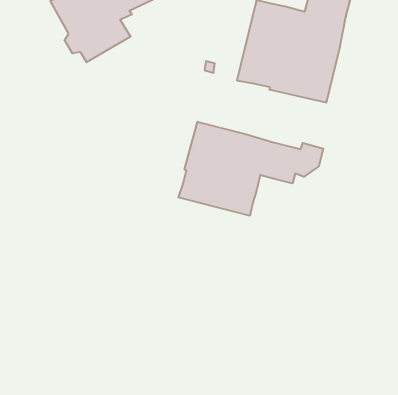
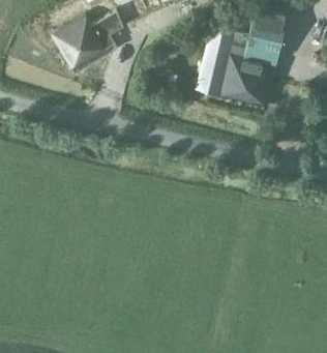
building: [178,122,323,216] -> none

